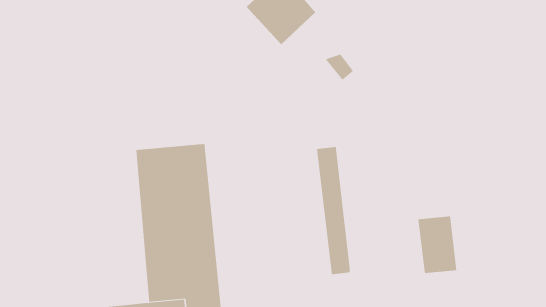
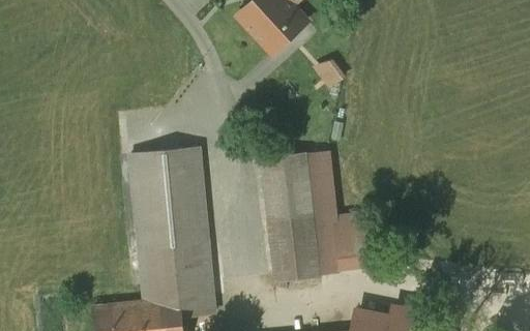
building: none -> [262,152,321,279]
building: [418,216,457,274] -> [333,212,372,268]

